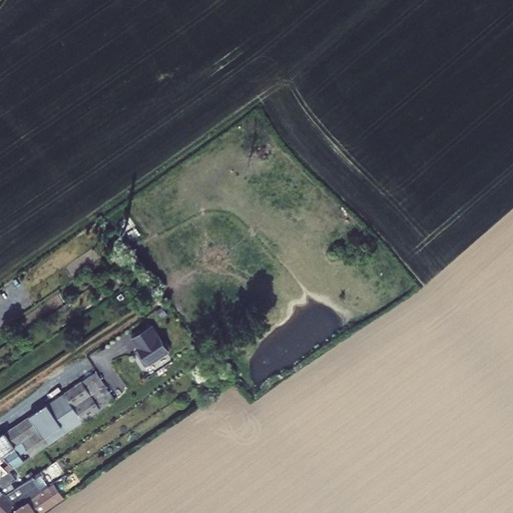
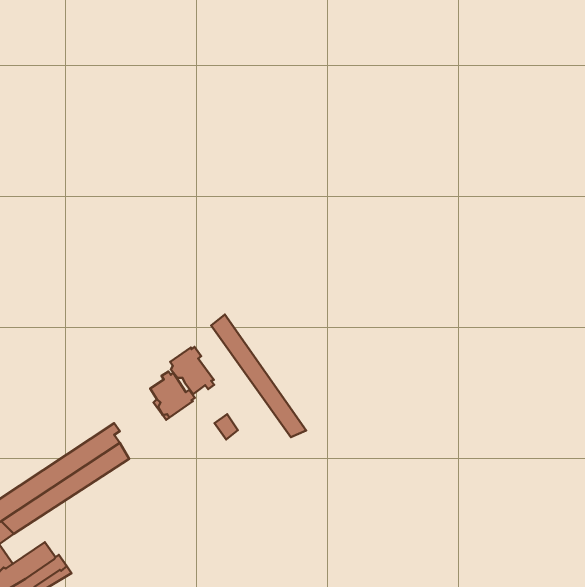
building: none -> [211,314,306,437]
building: none -> [170,347,214,394]

